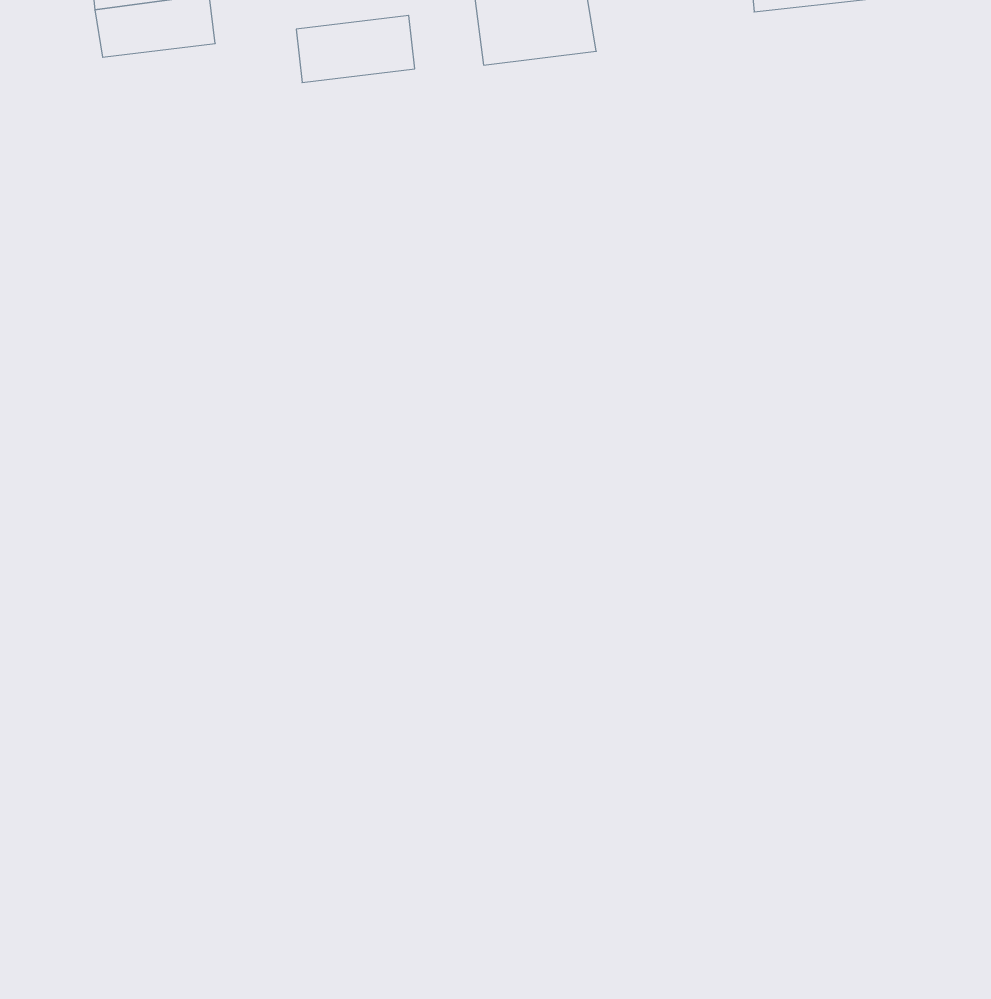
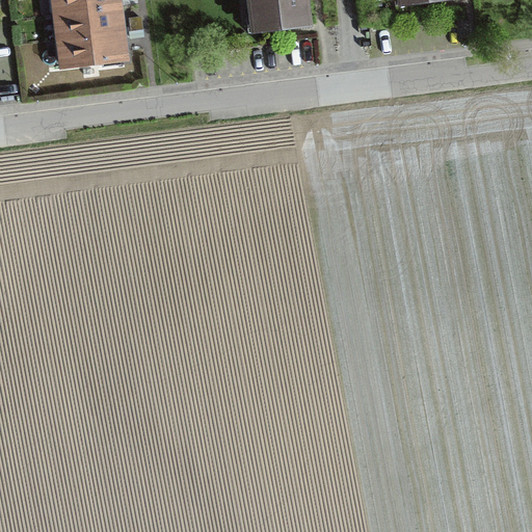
building: [296,15,415,83] -> [54,23,116,58]

